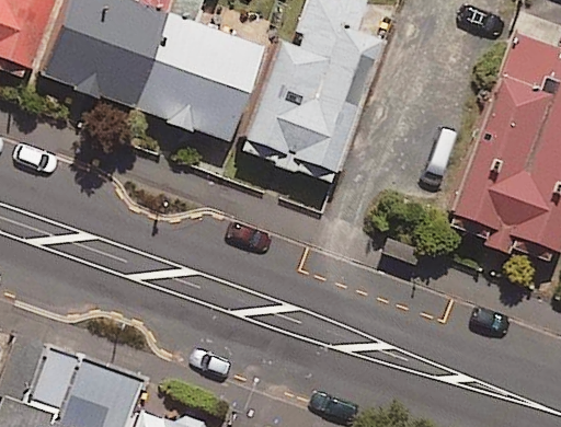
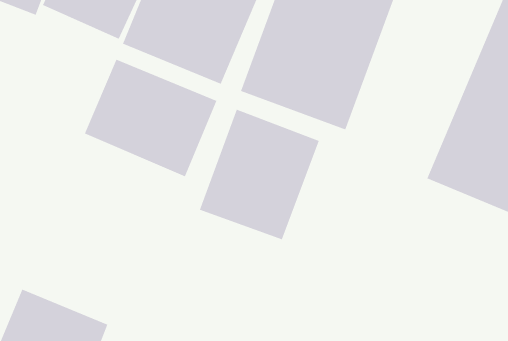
building: none -> [84,59,217,177]
building: none -> [199,109,319,240]

